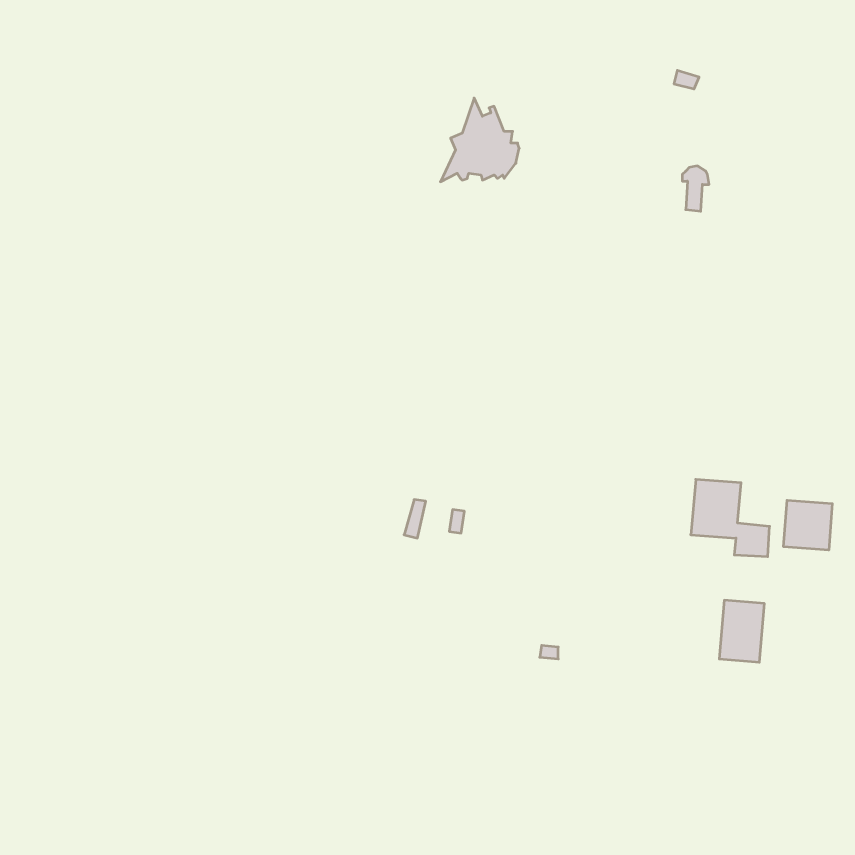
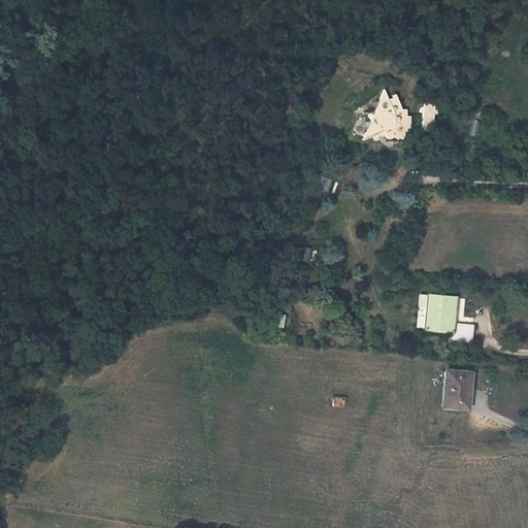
building: [440,98,519,182] -> [363,89,411,140]
building: [784,500,832,550] -> none

